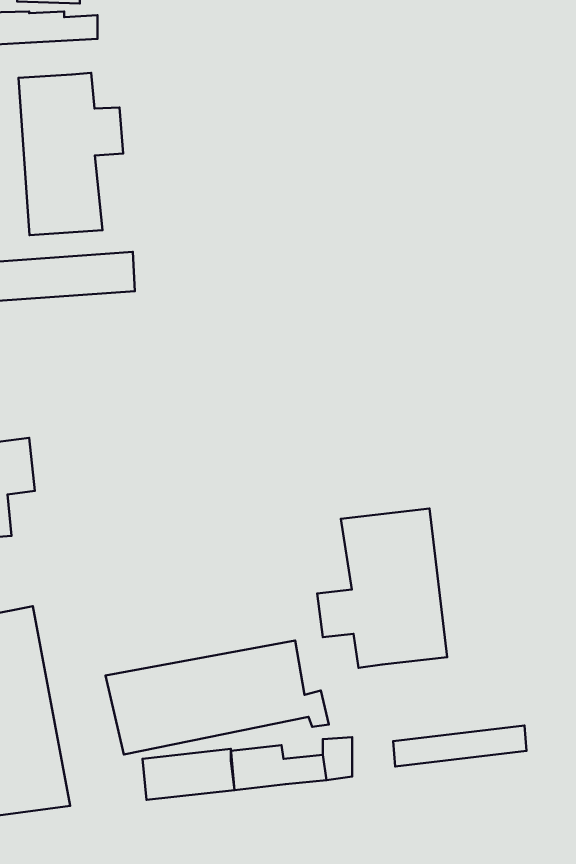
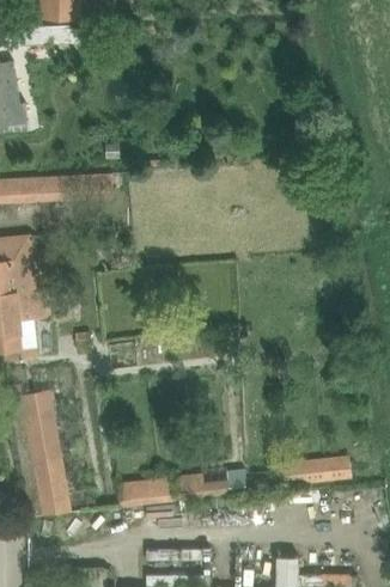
building: [18,73,123,235] -> none
building: [317,508,447,668] -> none
building: [106,640,329,755] -> none

